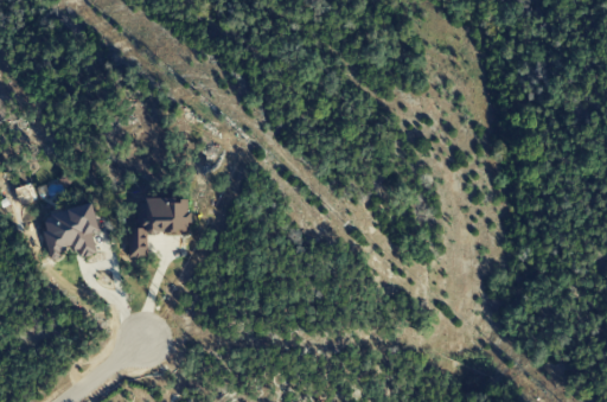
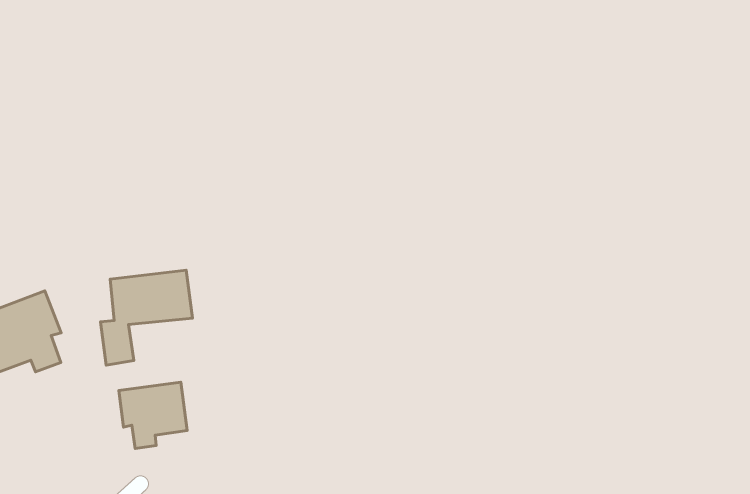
building: none -> [119,382,187,448]

